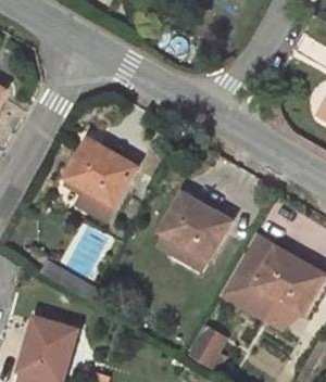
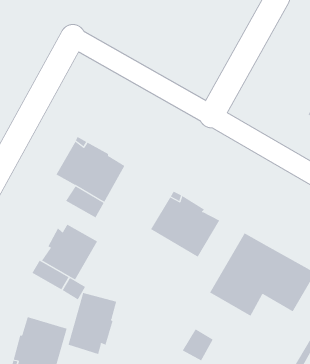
building: none -> [41,224,98,280]
building: none -> [68,292,117,355]

